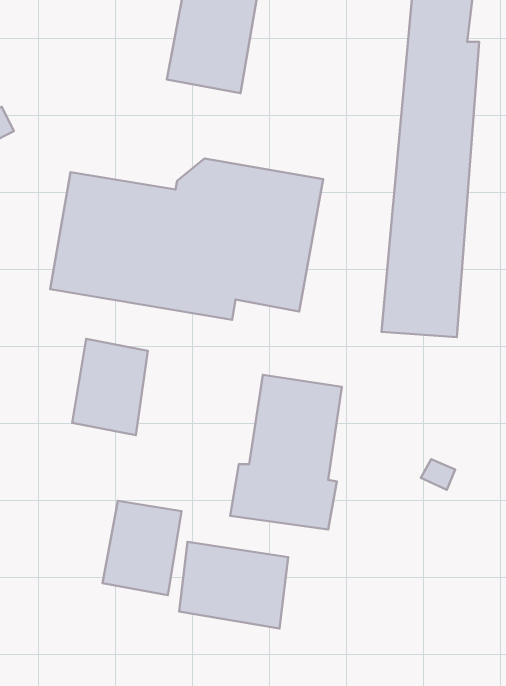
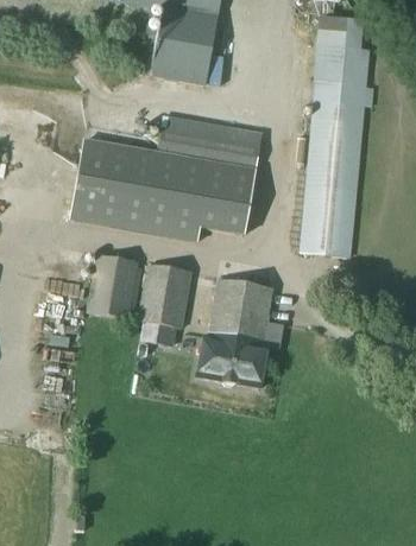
building: [102,501,181,595] -> [137,264,191,329]
building: [179,542,288,629] -> none

